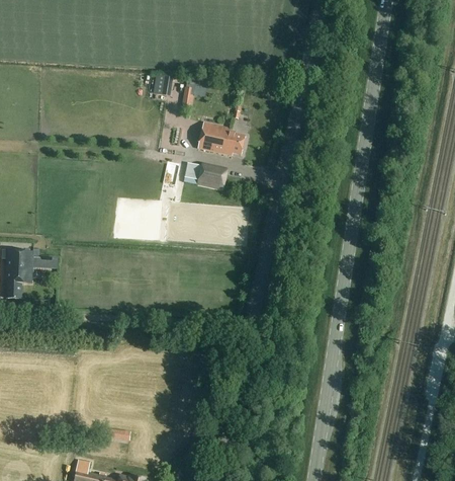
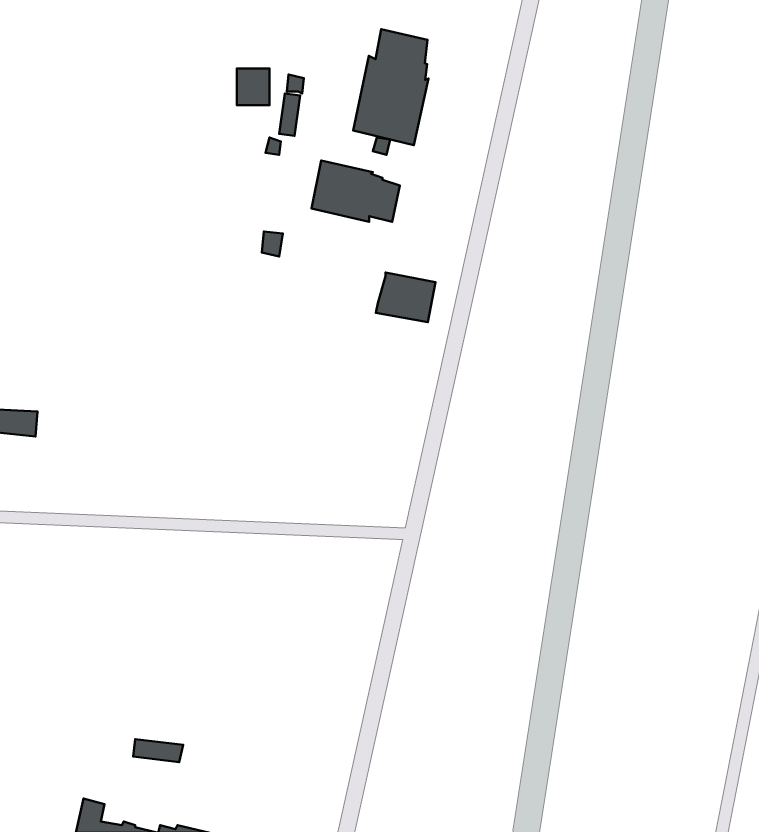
building: none -> [353,29,429,145]
building: [195,164,226,190] -> [376,272,435,322]

